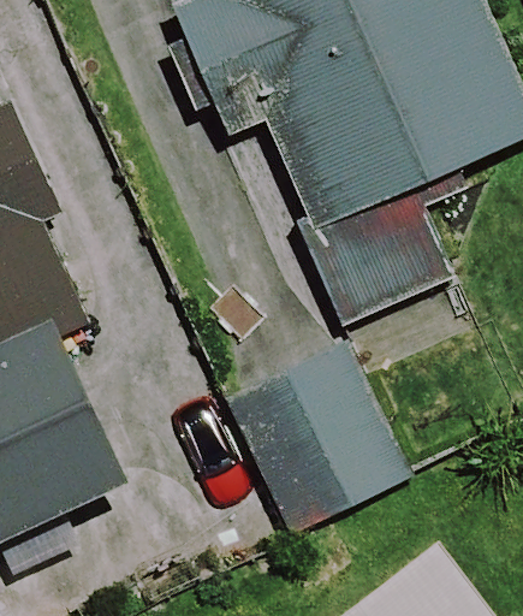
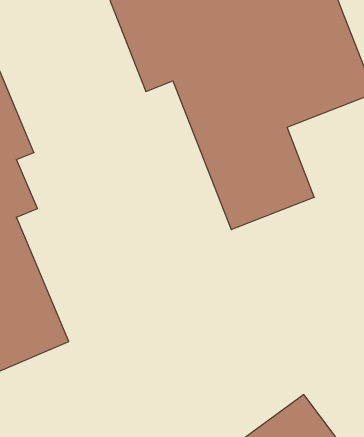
building: [232,343,409,532] -> none

